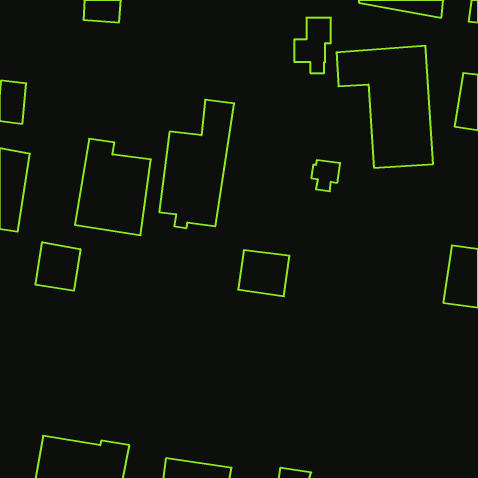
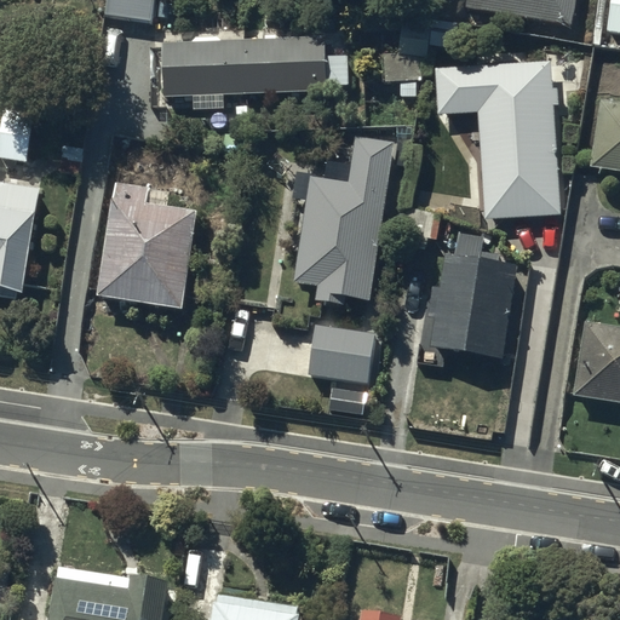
building: none -> [162,35,346,96]
building: [159,100,234,228] -> [295,134,392,300]
building: none -> [426,252,517,356]
building: [35,242,80,291] -> none

